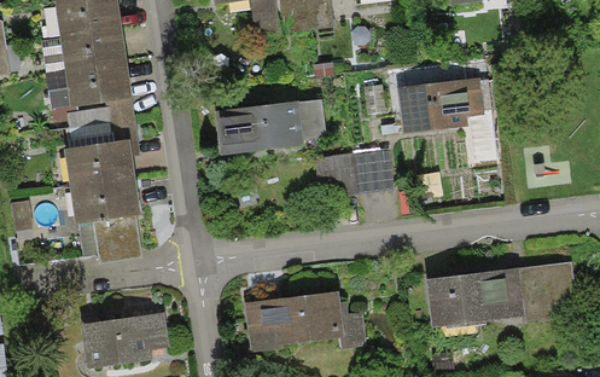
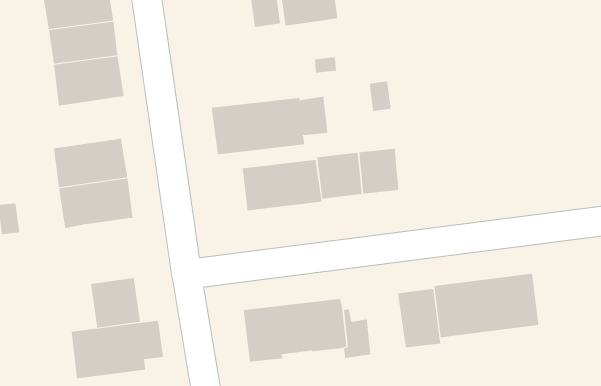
building: [396,77,484,134] -> none
building: [65,99,140,156] -> none
building: none -> [242,159,322,211]
building: [93,215,141,263] -> [90,277,141,328]
building: [519,261,577,319] -> none
building: none -> [397,288,441,348]

